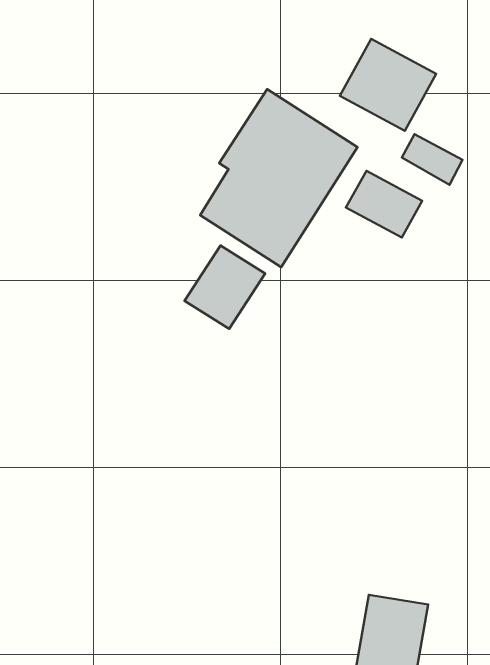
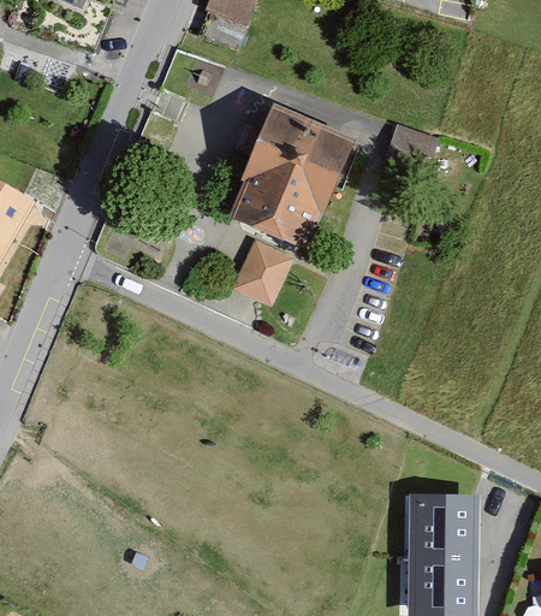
building: [340,39,436,131] -> none
building: [346,171,422,238] -> none

